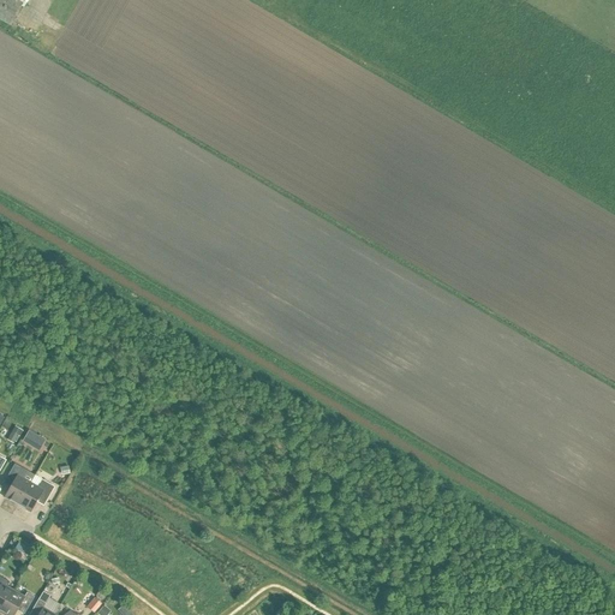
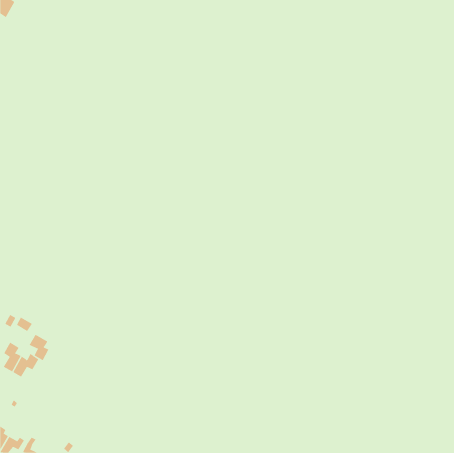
building: none -> [29,334,49,361]

